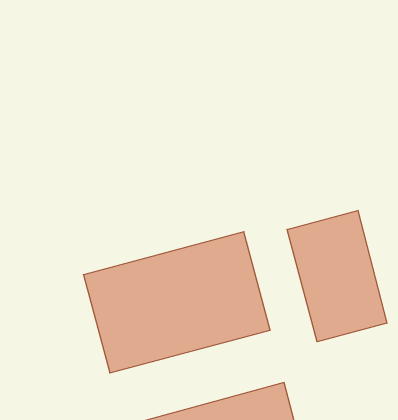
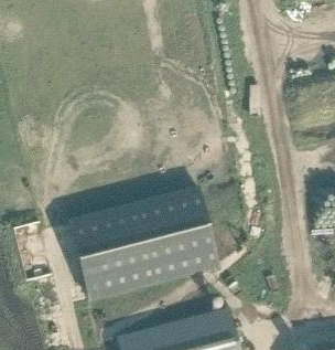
building: [287,210,387,342] -> none

